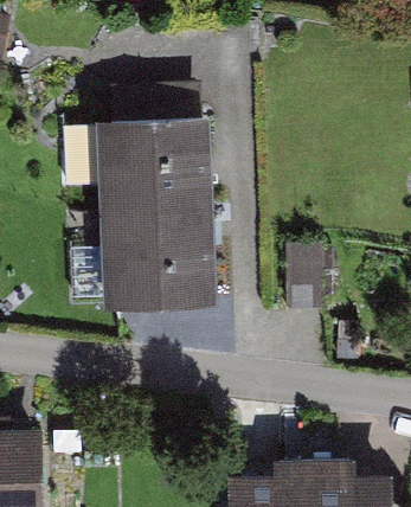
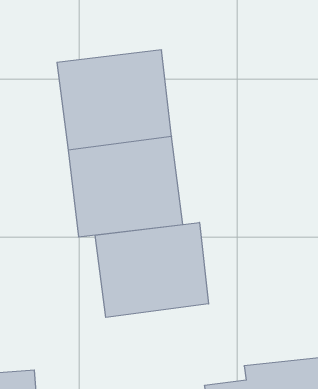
building: none -> [95,222,209,317]

